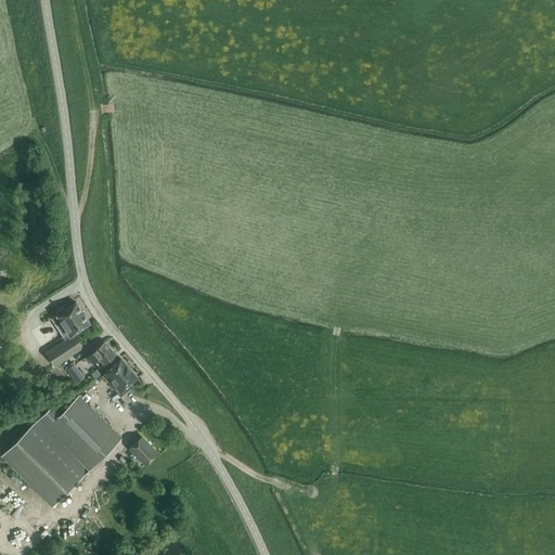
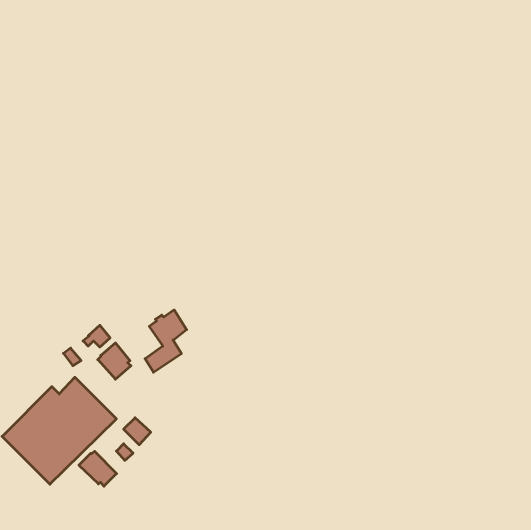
building: [46,302,89,367] -> [145,310,187,372]
building: none -> [79,451,117,486]

